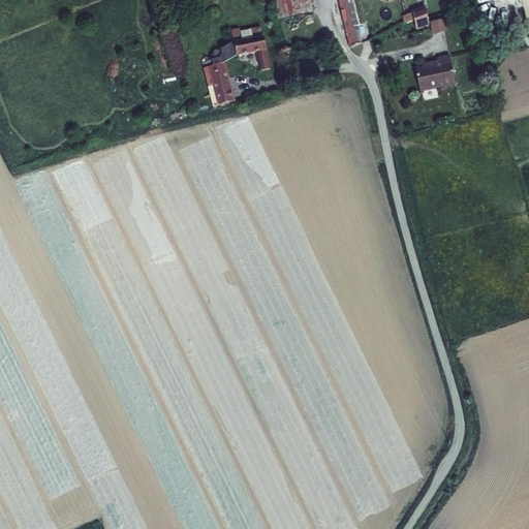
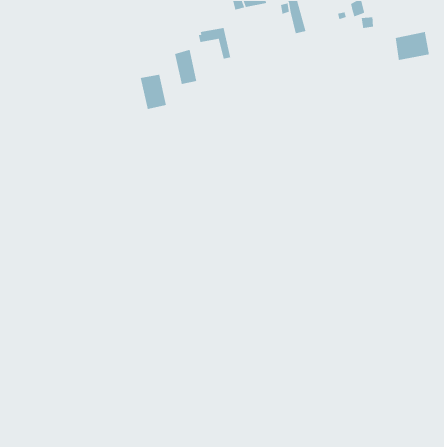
building: [410,58,452,93] -> [395,31,430,61]
building: none -> [140,74,167,110]

